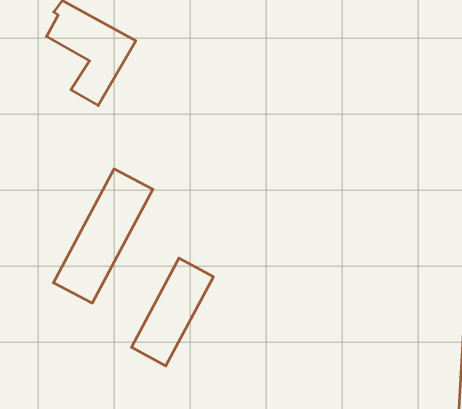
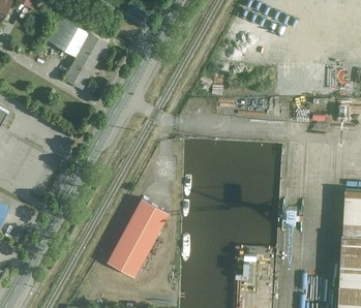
building: [53,169,153,303] -> none

